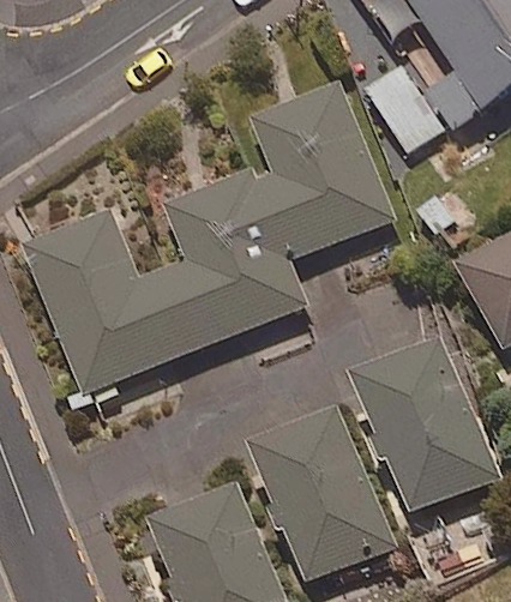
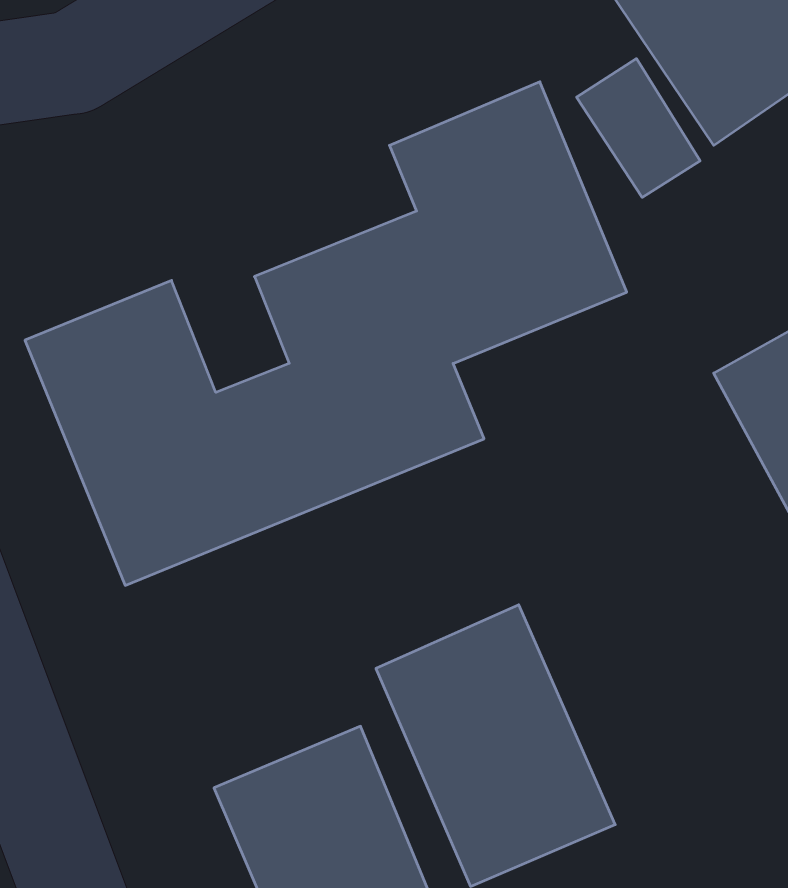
building: [350,337,494,511] -> none

